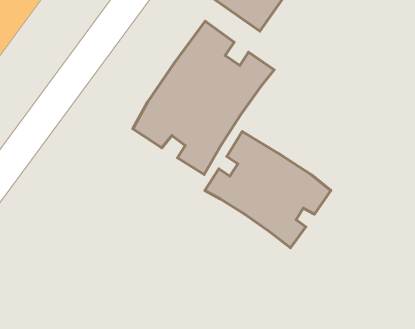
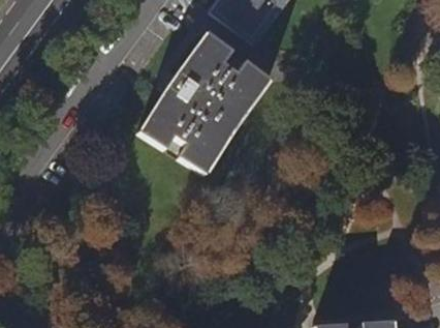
building: [205,131,331,248] -> none

